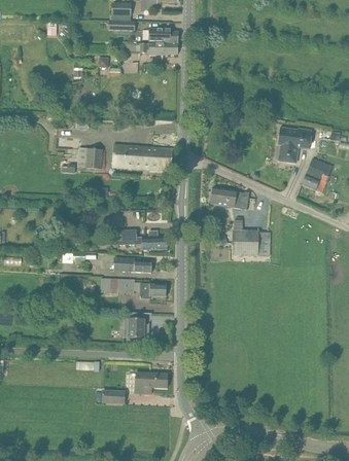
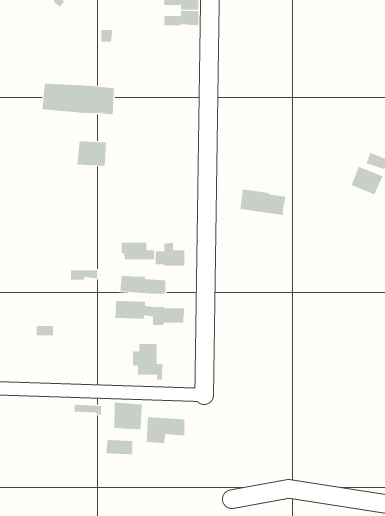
building: [278,127,312,162] -> none
building: [113,144,173,170] -> [41,83,115,115]
building: [233,219,270,255] -> none
building: none -> [114,402,142,430]

